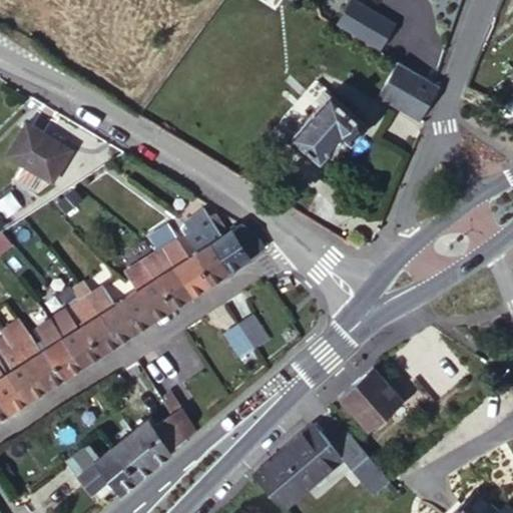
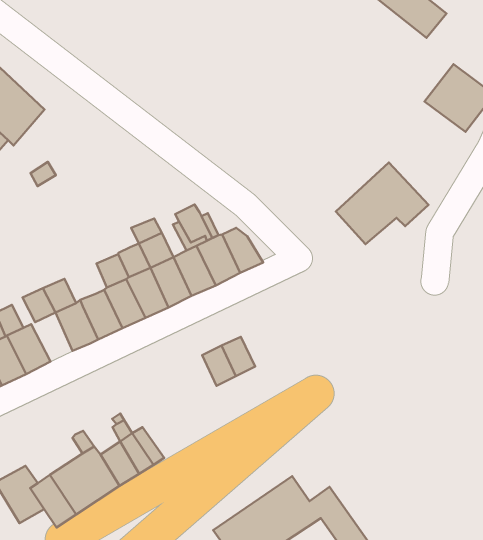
building: [291,93,367,163] -> [336,163,428,244]
building: [79,315,116,356] -> none
building: [339,368,401,430] -> none

